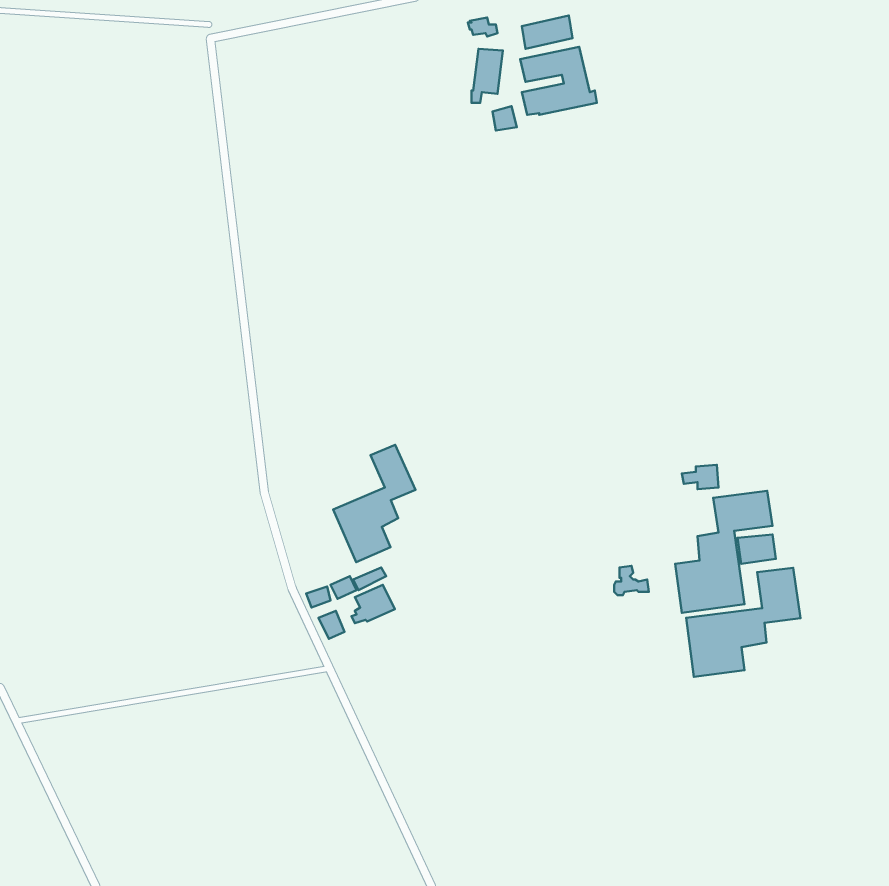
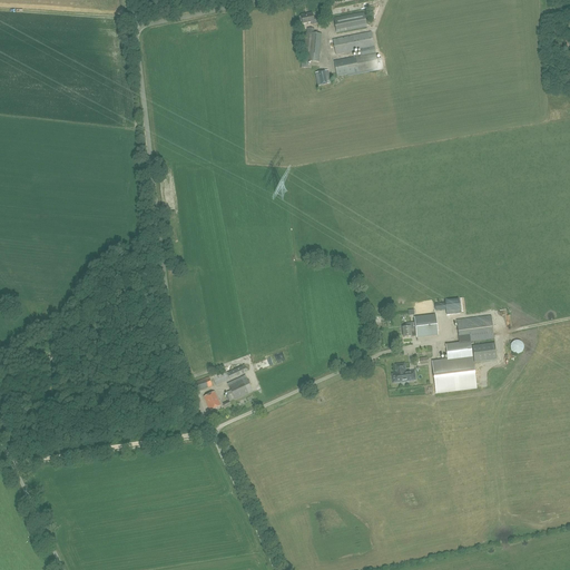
building: [333,445,415,562] -> none
building: none -> [402,316,438,338]
building: [686,568,801,677] -> none

